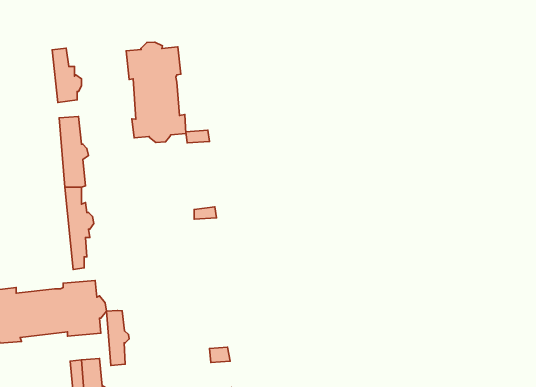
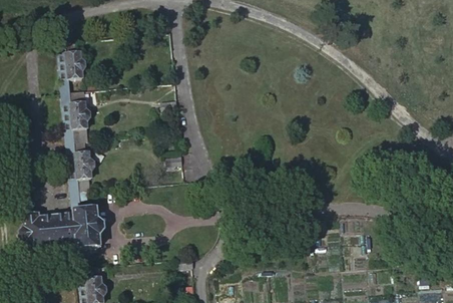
building: [126,42,186,142] -> none
building: [106,310,129,365] -> none

